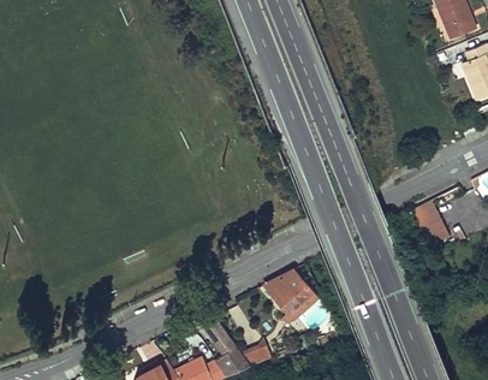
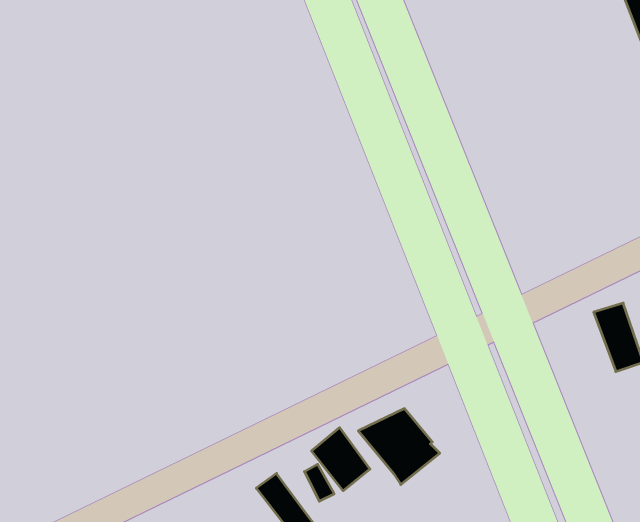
building: none -> [312,428,370,491]

